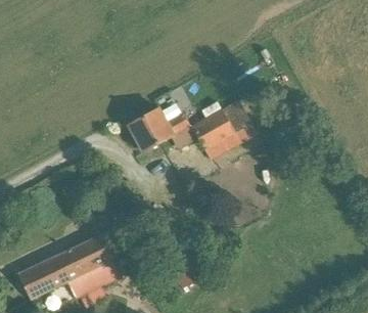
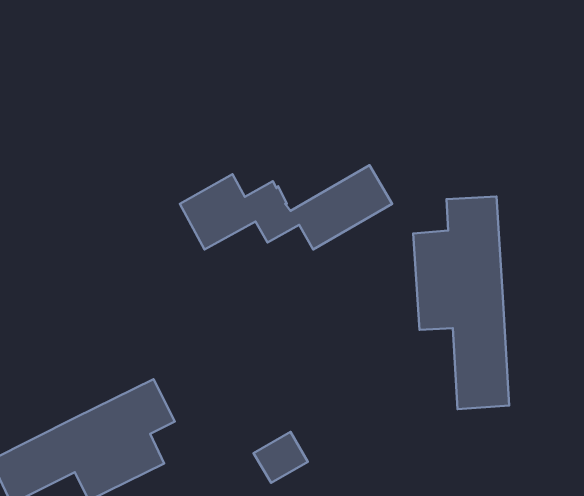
building: none -> [413,196,509,409]

